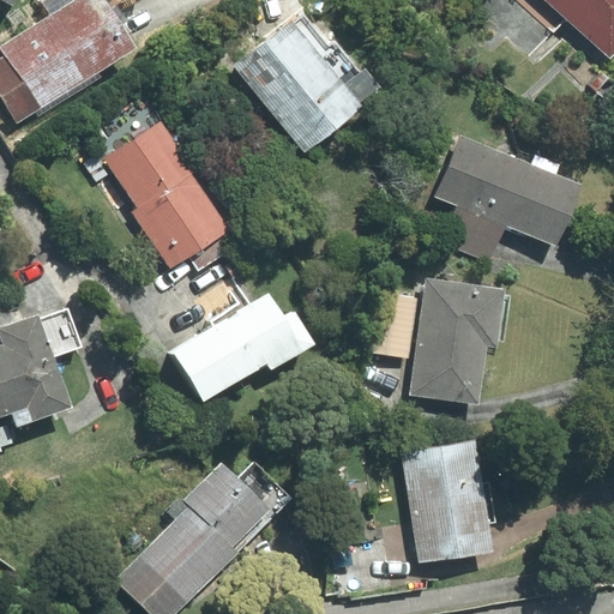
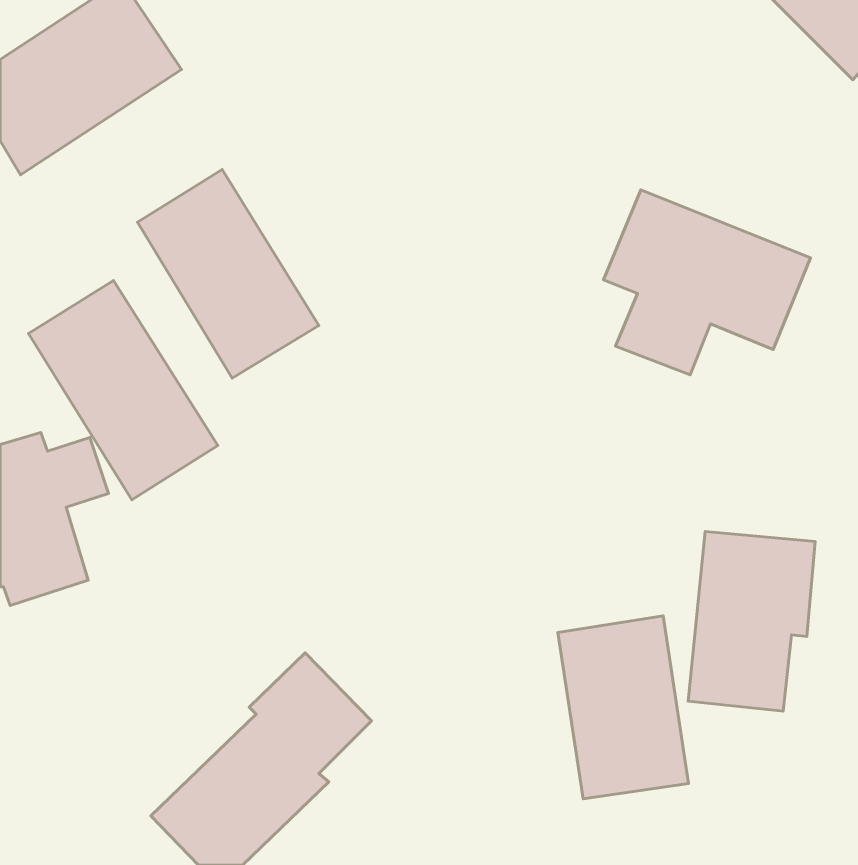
building: [234,5,381,154] -> none
building: none -> [28,280,218,500]
building: [410,276,500,403] -> [688,531,815,711]
building: [167,290,312,404] -> none

